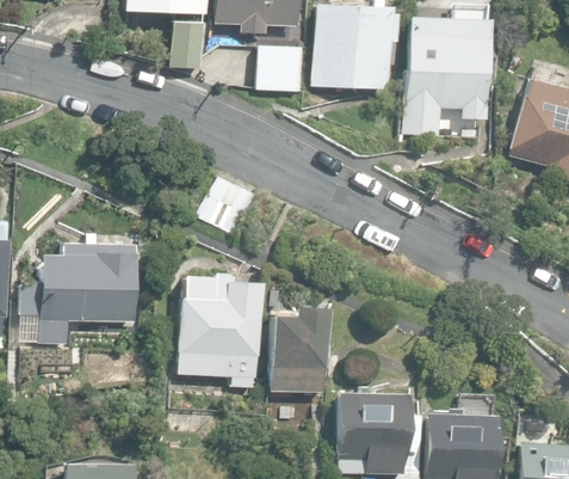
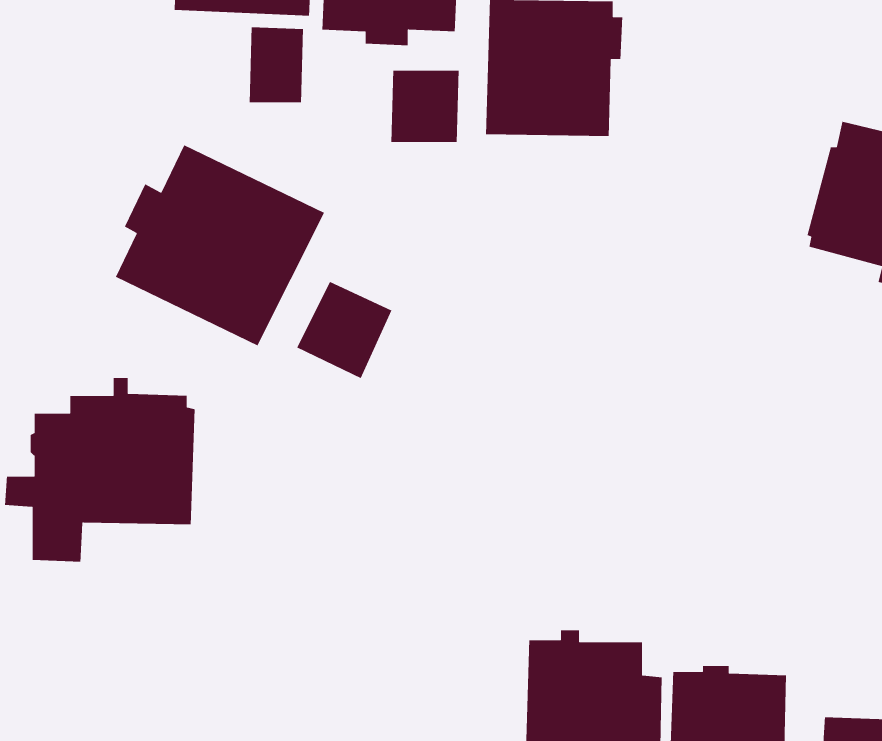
building: [406,17,490,119] -> none
building: none -> [115,144,325,347]
building: [178,274,261,387] -> none
building: [271,302,327,393] -> none

